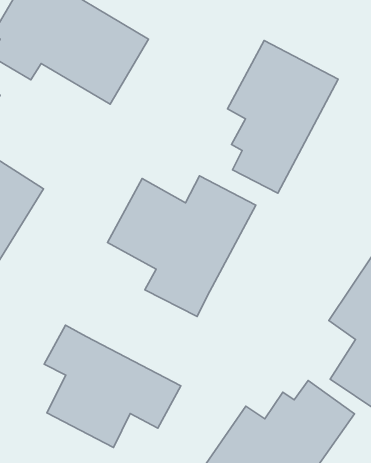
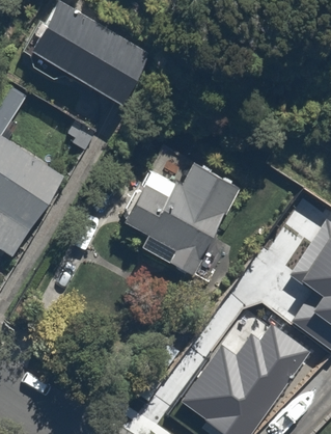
building: [228,41,338,193] -> none
building: [44,325,181,447] -> none

